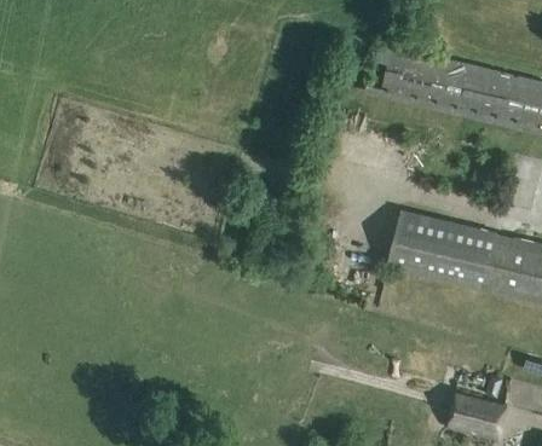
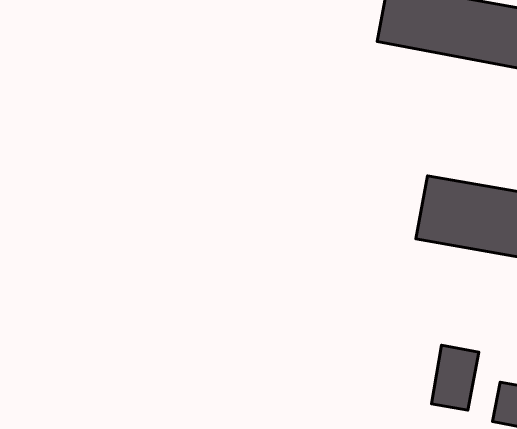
building: none -> [431,345,479,410]

